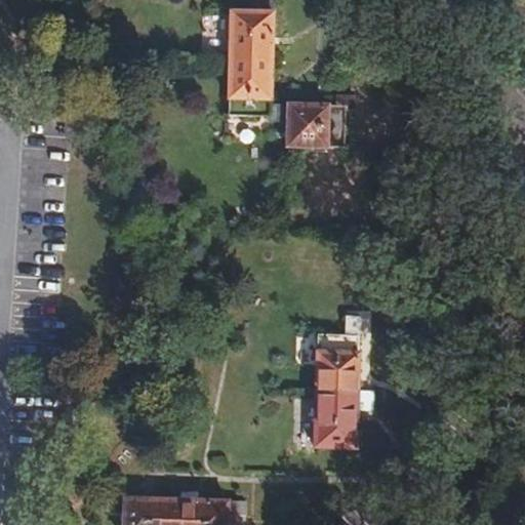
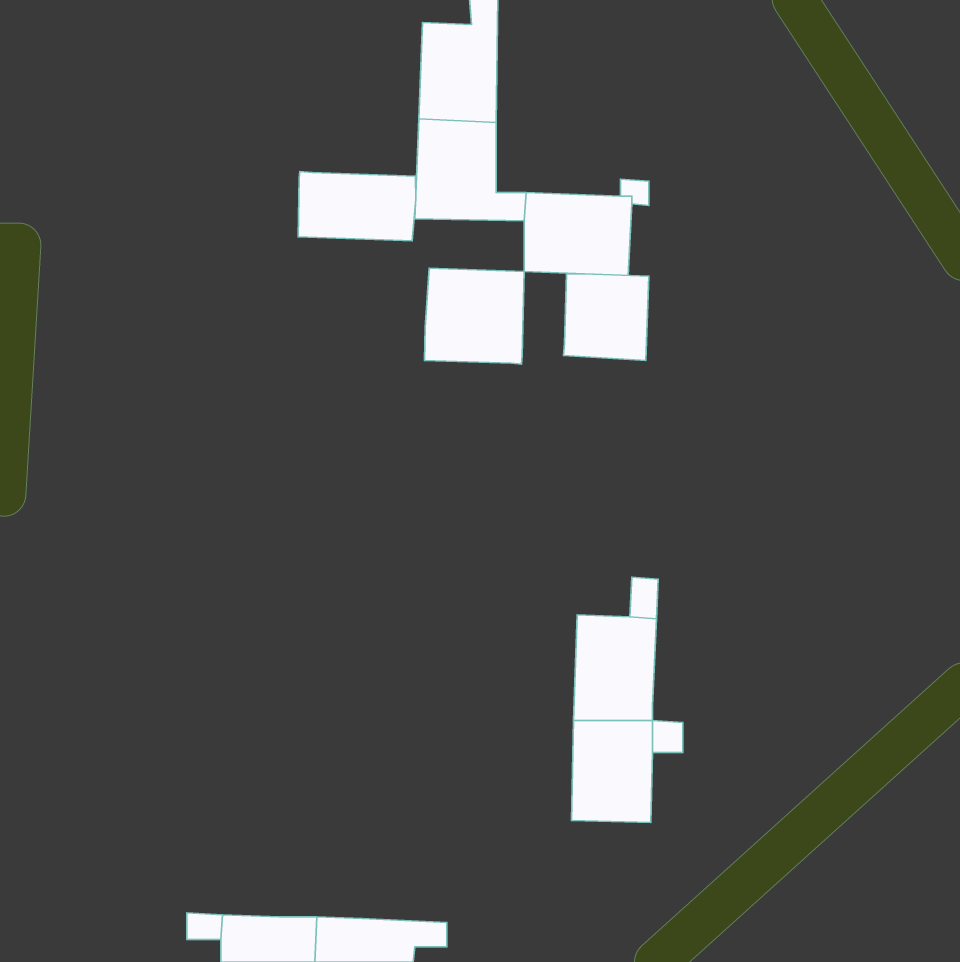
building: none -> [298,172,416,241]
building: none -> [425,268,524,364]
building: none -> [564,274,649,361]

